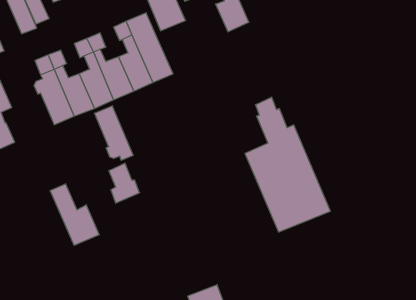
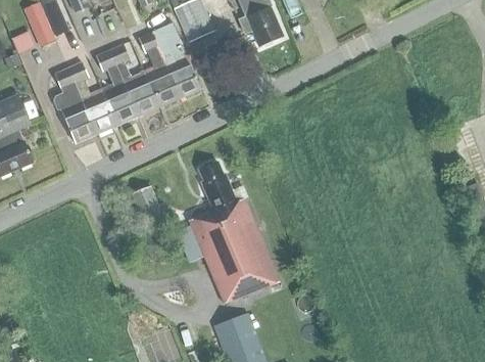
building: [245,97,330,232] -> [189,159,280,303]
building: [94,106,133,160] -> none
building: [50,184,99,245] -> none

